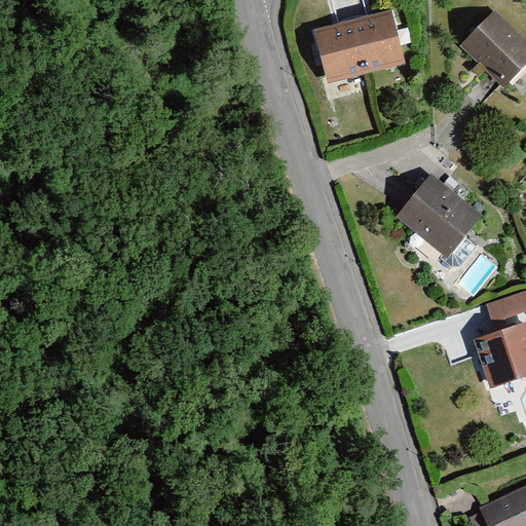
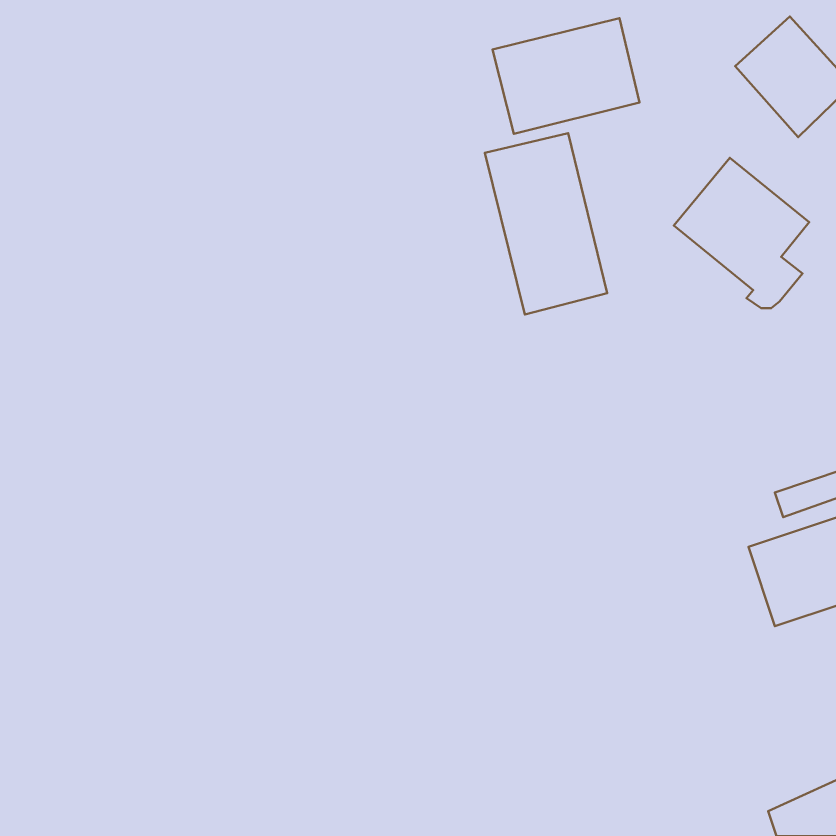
building: none -> [485,133,607,315]
building: [397,175,481,268] -> [674,158,809,308]

